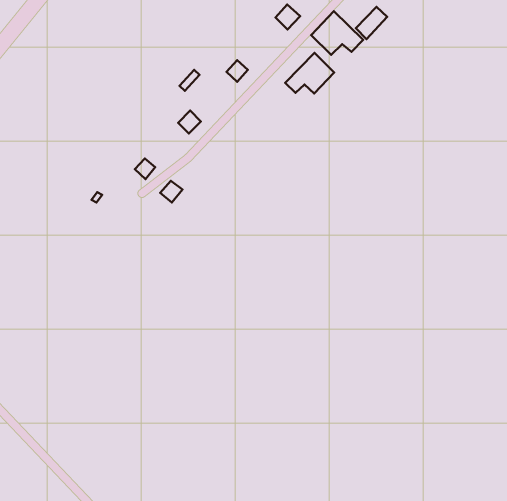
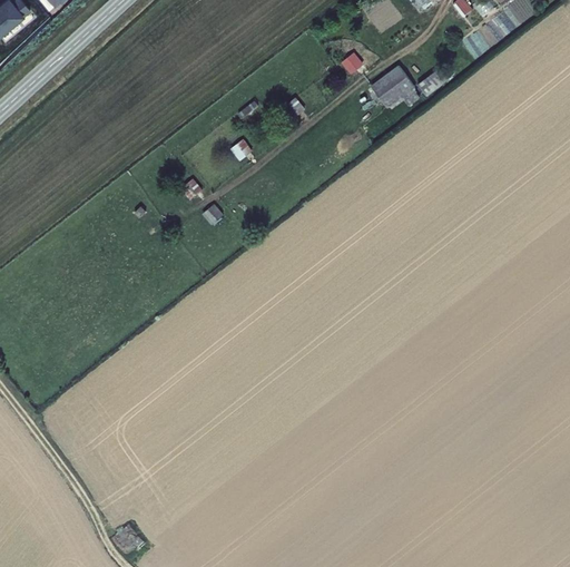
building: [285,53,334,93] -> none

